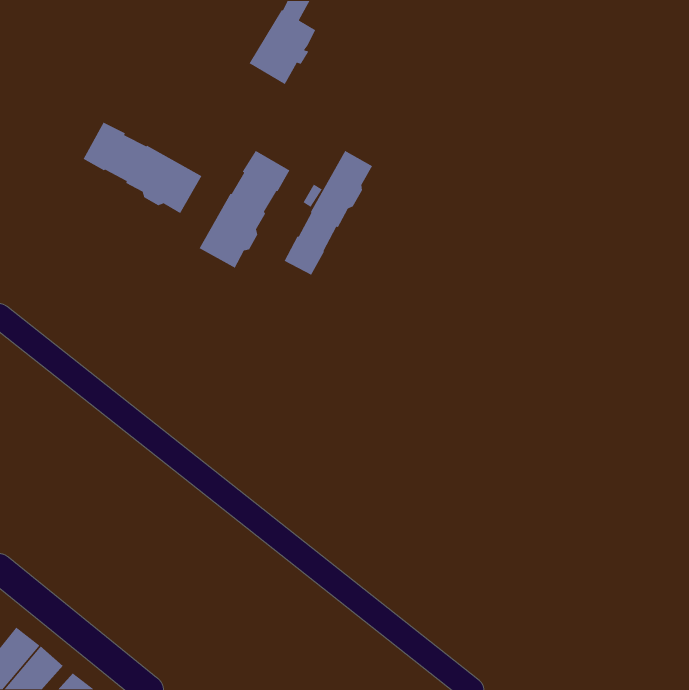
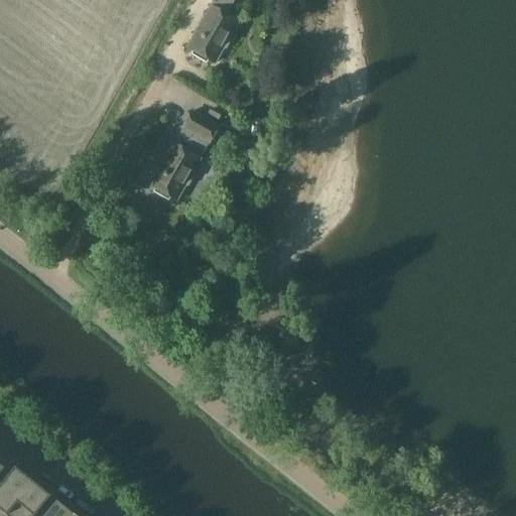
building: [82,121,202,214] -> none
building: [284,150,373,276] -> none

